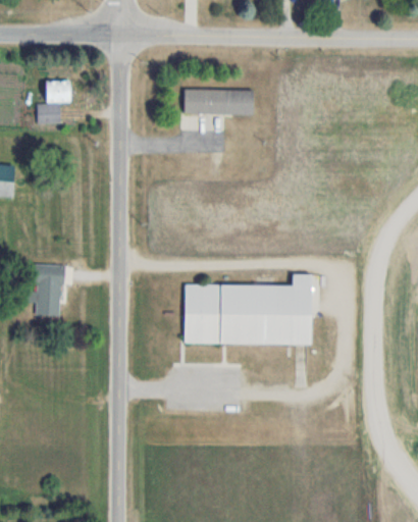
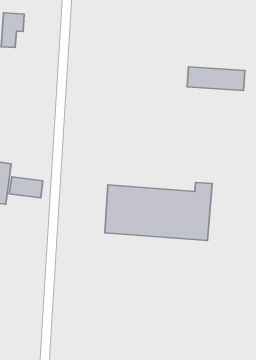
building: [184,90,253,114] -> [187,67,245,90]
building: none -> [9,177,43,198]

